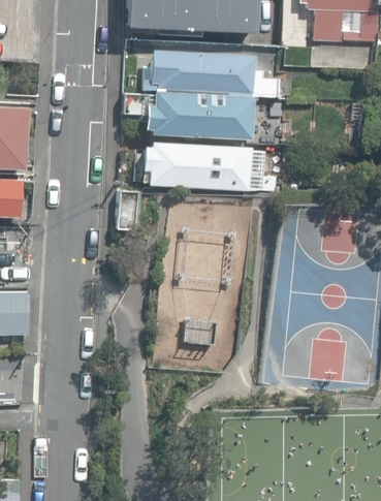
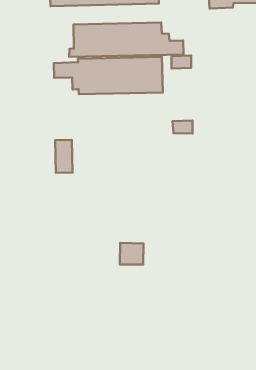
building: [141,143,254,191] -> none

